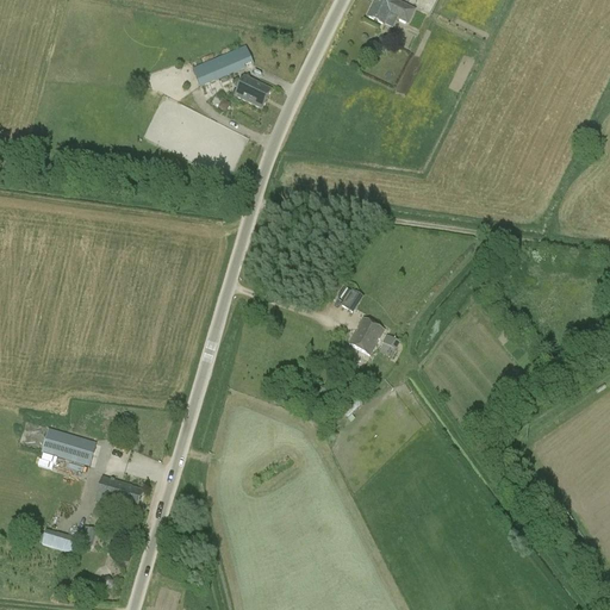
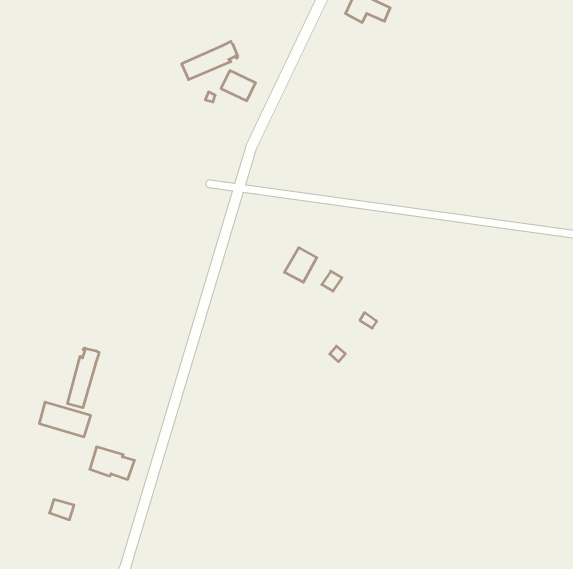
building: [349,317,384,354] -> [284,248,317,282]
building: none -> [68,348,99,408]

